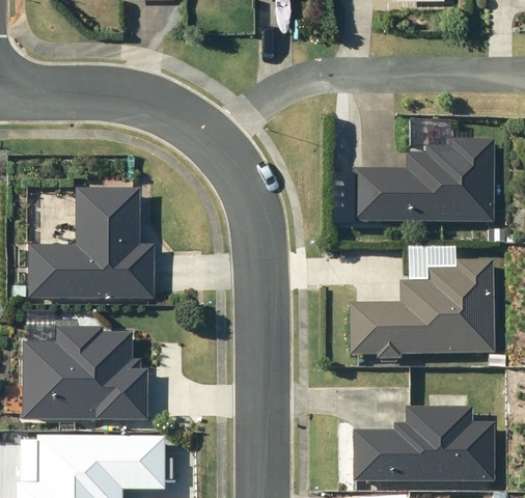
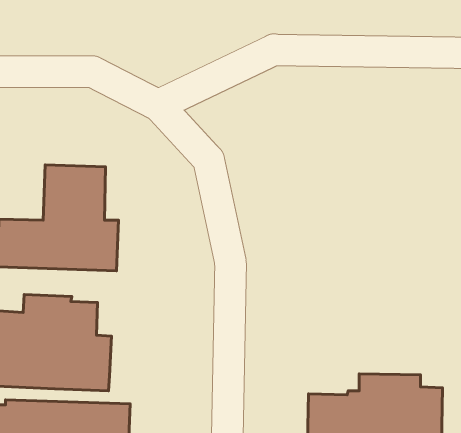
building: [352,139,498,225] -> none
building: [348,259,496,358] -> none

